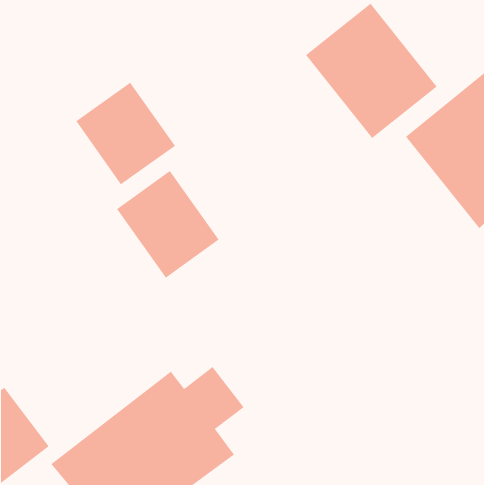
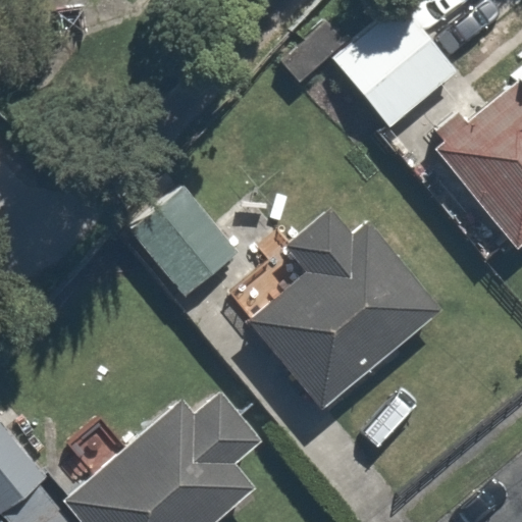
building: [75,82,176,185] -> none
building: none -> [247,208,443,410]

